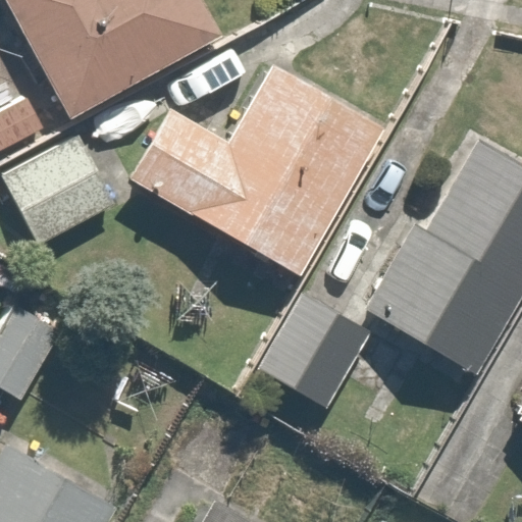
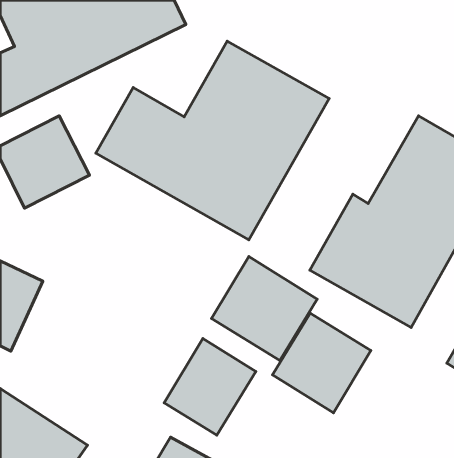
building: none -> [273,313,371,413]
building: none -> [164,338,256,435]

